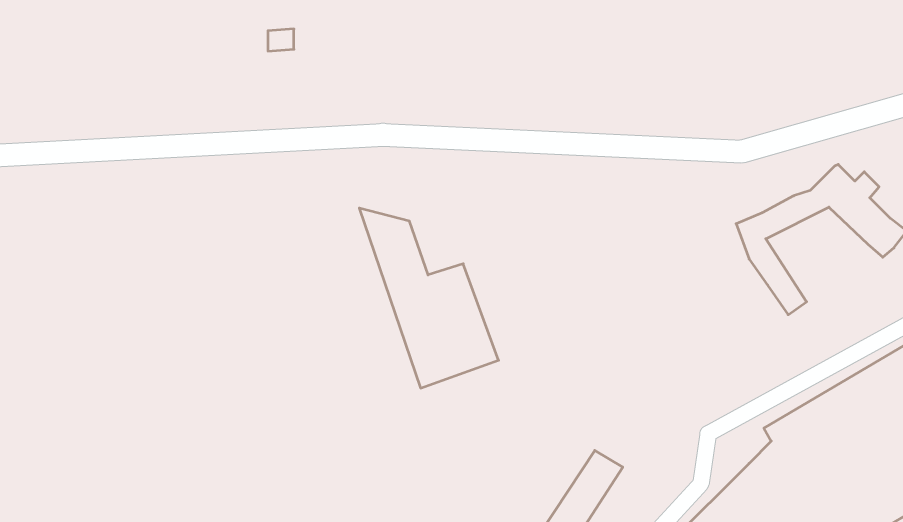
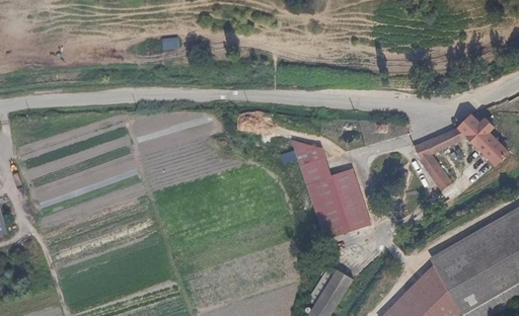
building: [359,208,499,388] -> [293,140,369,238]

